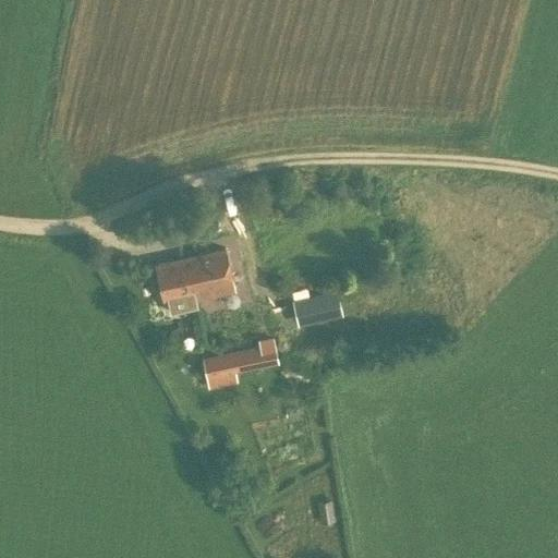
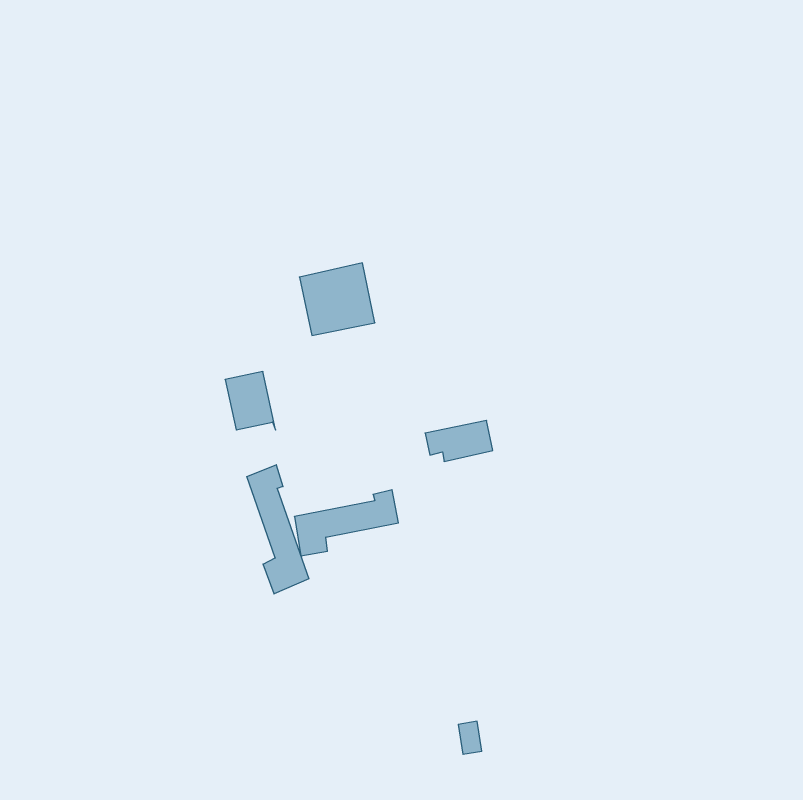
building: [183,251,235,301] -> [299,263,375,335]
building: none -> [247,465,309,594]

